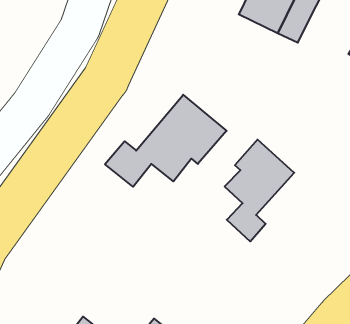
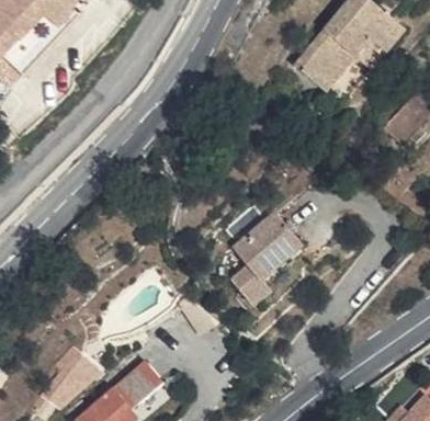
building: [105,95,227,187] -> none

